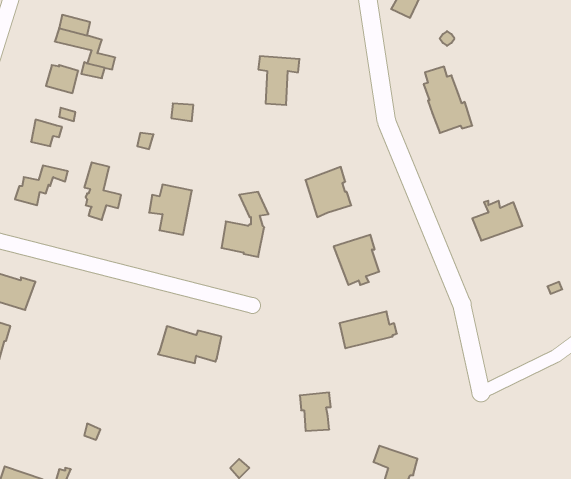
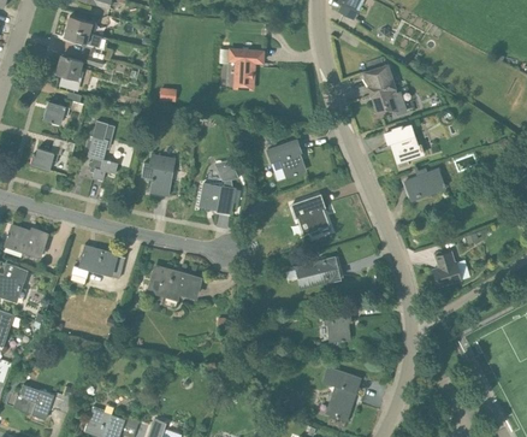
building: none -> [385,125,425,163]
building: none -> [71,246,125,288]
building: none -> [433,252,462,287]
building: [300,393,331,431] -> [325,309,350,341]

